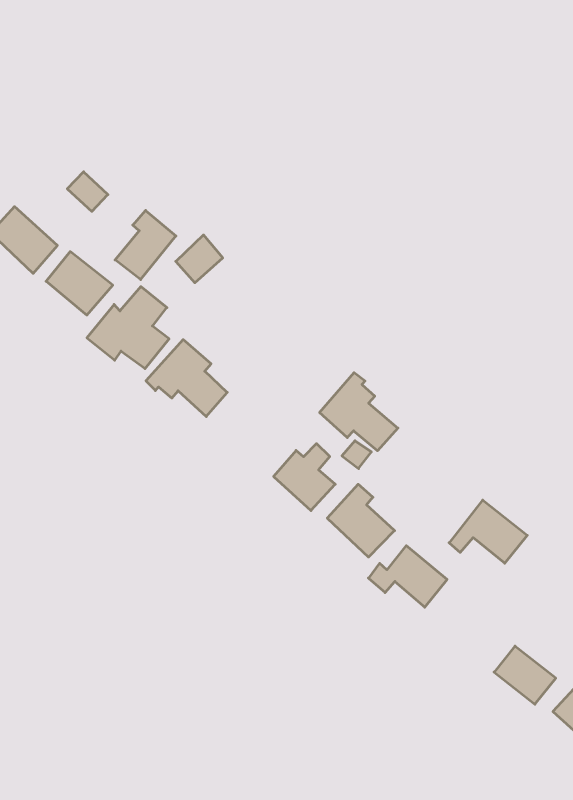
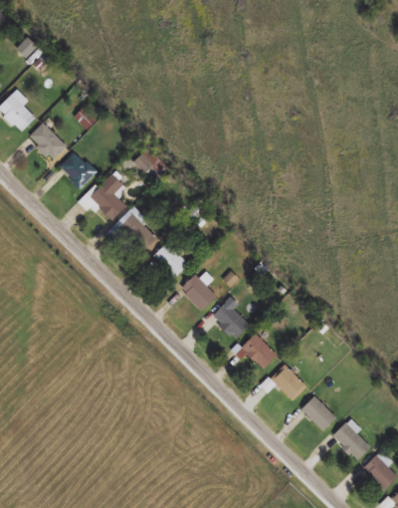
building: [115,210,176,280] -> none
building: [320,373,398,451] -> none
building: none -> [155,243,187,277]
building: [449,500,527,563] -> [261,365,307,403]

